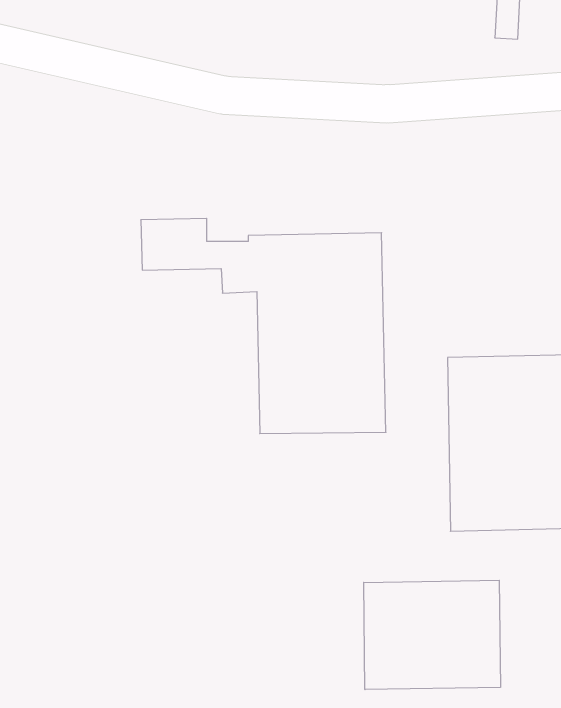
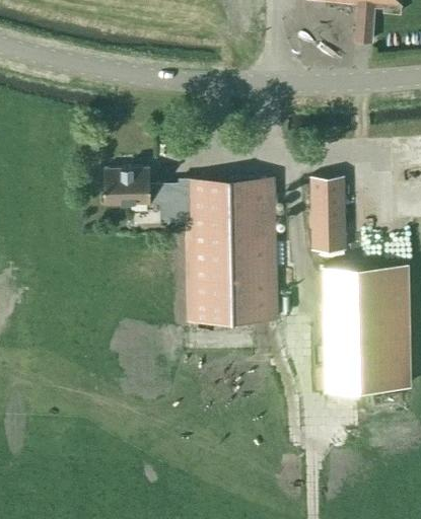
building: none -> [309,178,345,252]
building: [364,580,500,690] -> none

